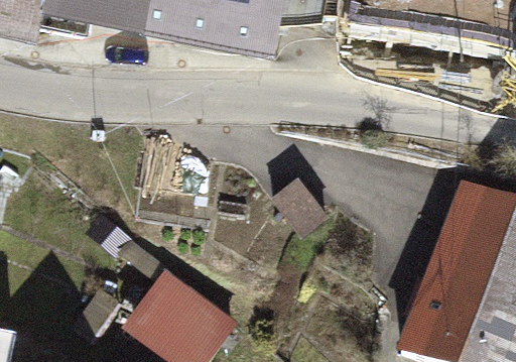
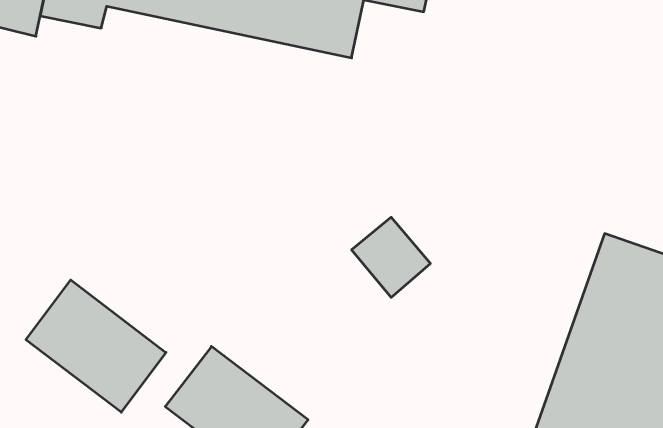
building: none -> [26,280,166,412]

